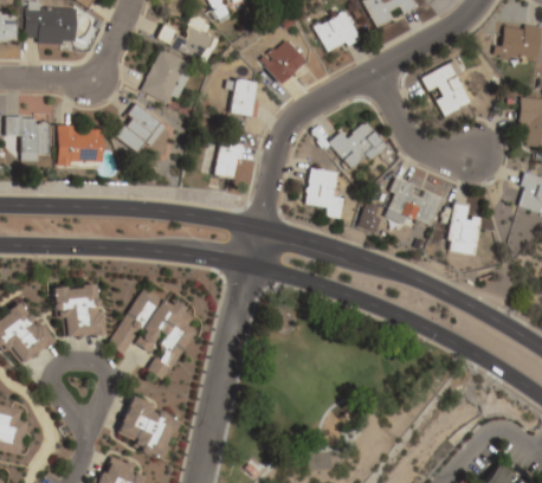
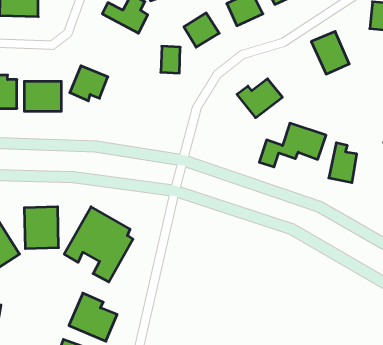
building: [140,49,187,105] -> none
building: [213,137,241,179] -> none
building: [304,168,343,218] -> none

